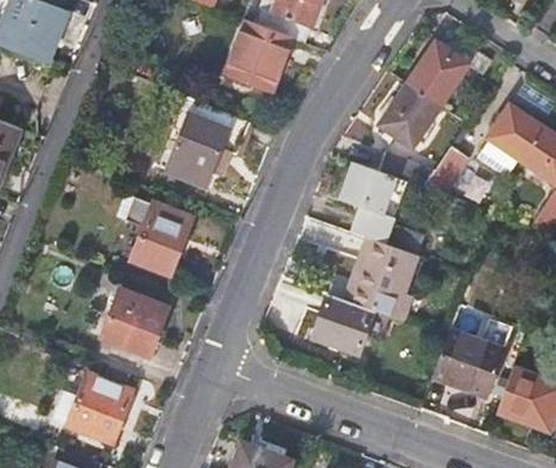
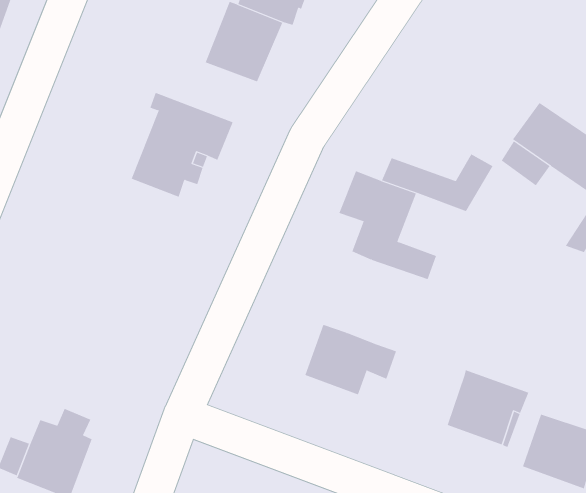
building: [380,39,490,147] -> none
building: [124,197,191,274] -> none
building: [347,239,416,321] -> none
building: [100,288,166,355] -> none

